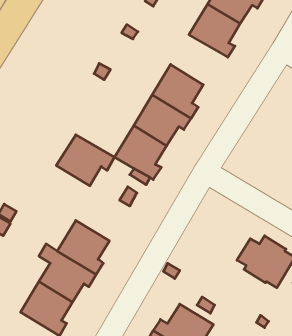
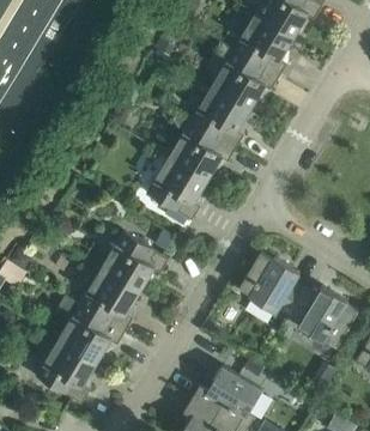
building: none -> [212,50,279,109]
building: [56,135,114,186] -> [101,232,169,292]
building: none -> [239,253,305,315]

